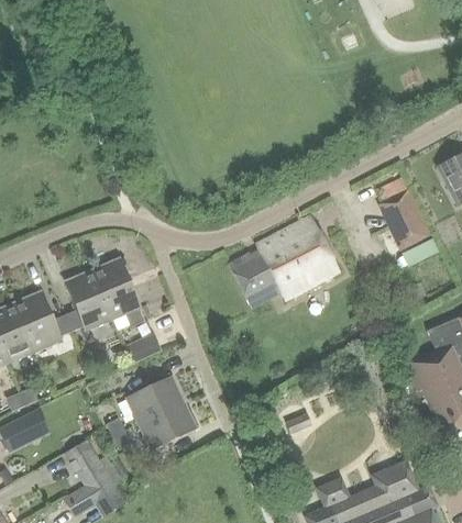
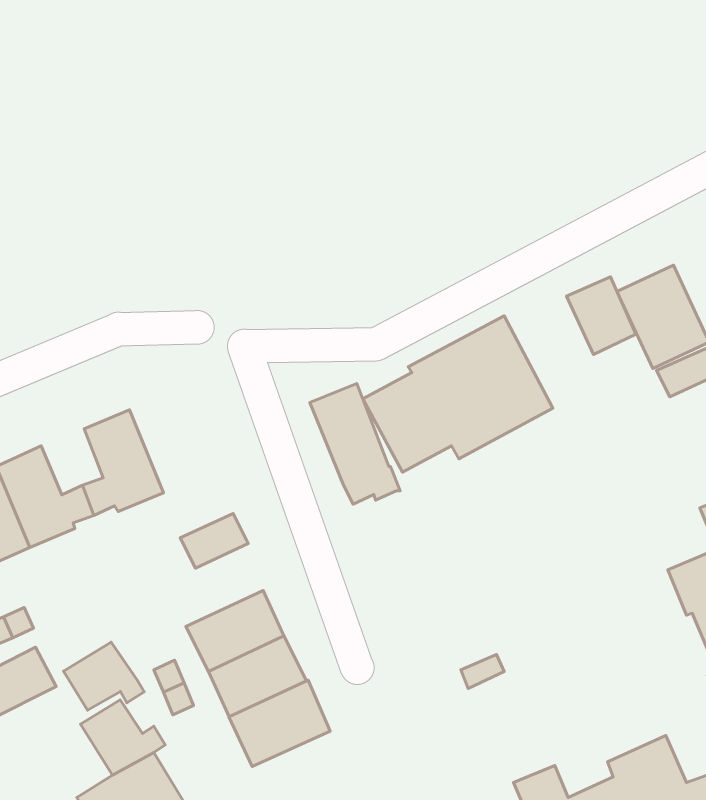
building: none -> [567,277,636,355]
building: [92,259,145,330] -> [310,384,400,504]
building: none -> [63,642,144,710]
building: none -> [229,680,330,767]

